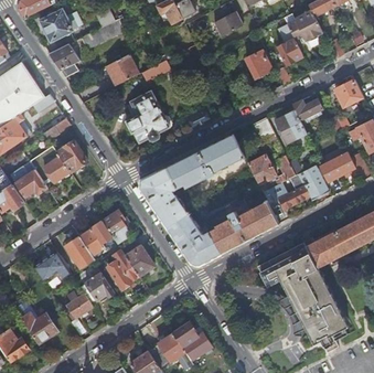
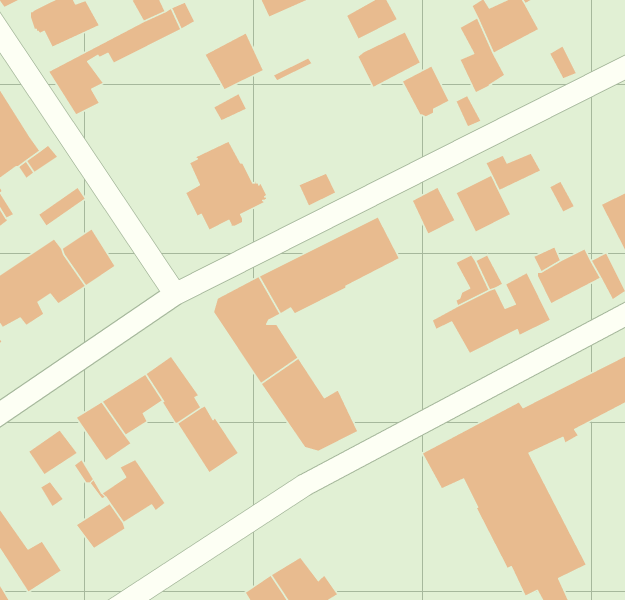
building: none -> [357,31,421,88]
building: [105,54,138,86] -> [204,33,264,90]
building: [333,79,362,108] -> none
building: [247,156,276,185] -> none
building: [210,202,278,254] -> none
building: [107,249,138,289] -> none

